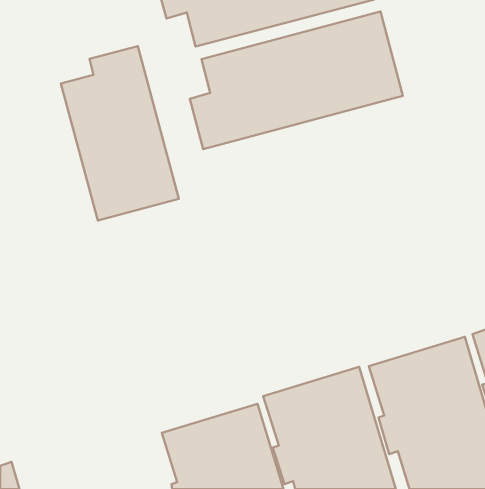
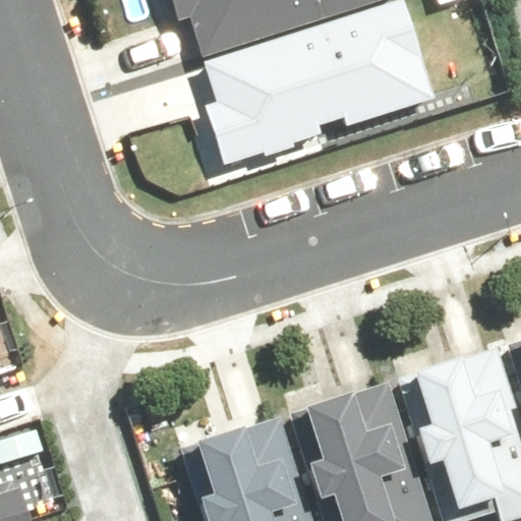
building: [61,46,179,221] -> none

